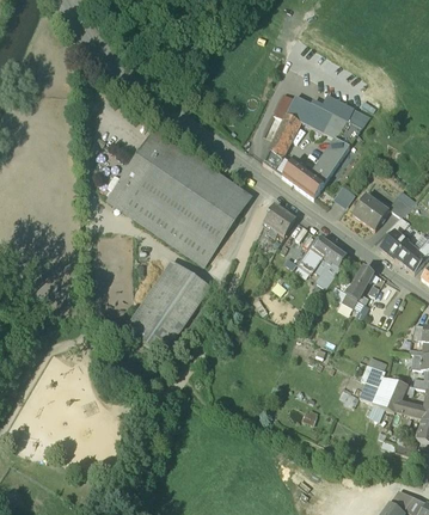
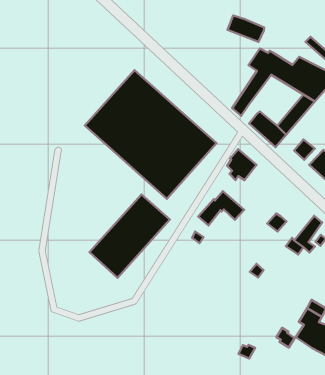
building: none -> [227,15,264,42]
building: [299,238,347,276] -> [198,191,244,225]

